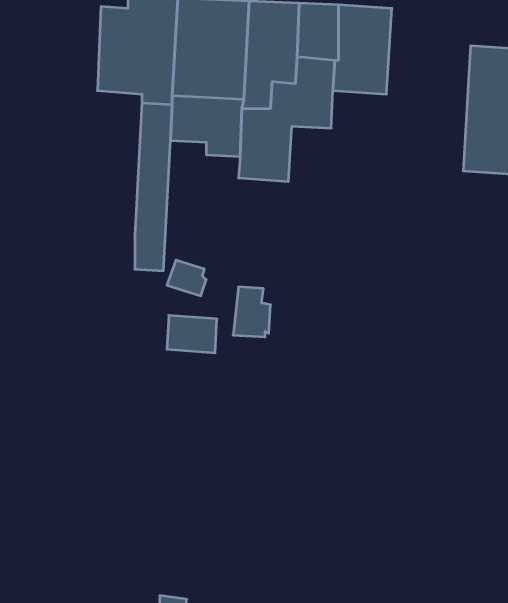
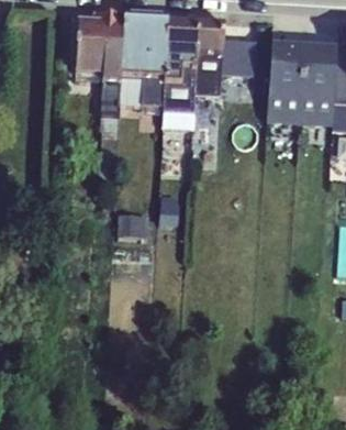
building: none -> [265,42,304,122]

